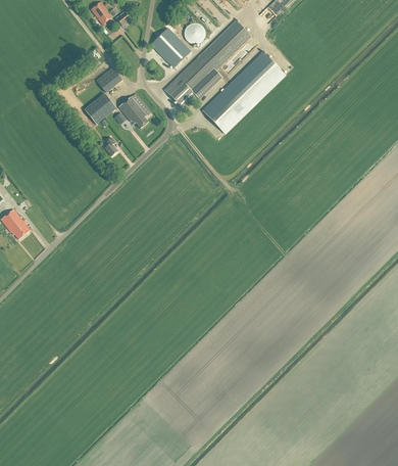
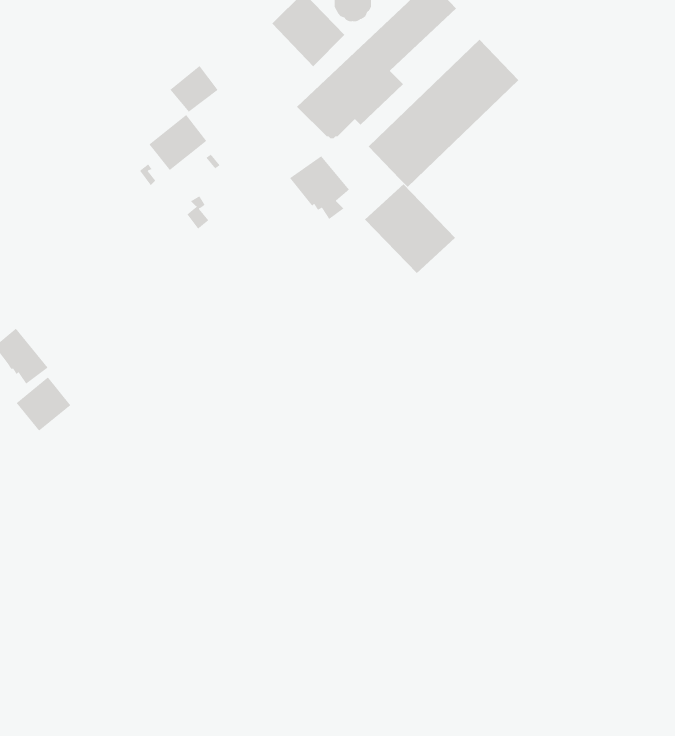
building: [117,93,150,128] -> [289,156,350,220]
building: none -> [364,183,456,274]
building: none -> [16,377,71,432]

